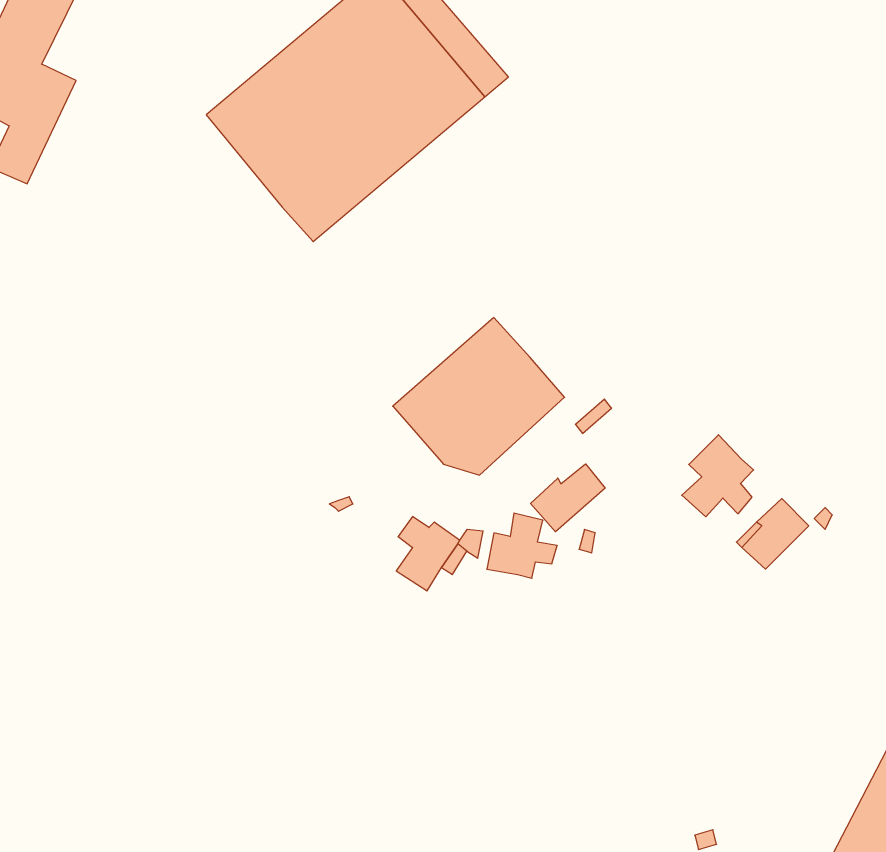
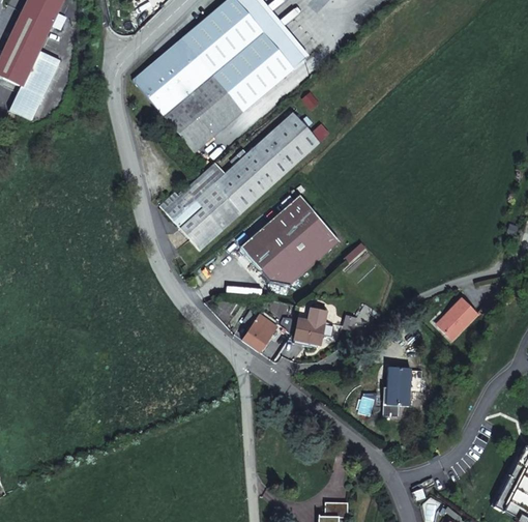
building: none -> [159,111,320,249]
building: [682,435,754,517] -> none
building: [531,464,605,532] -> none
building: none -> [387,366,422,416]

